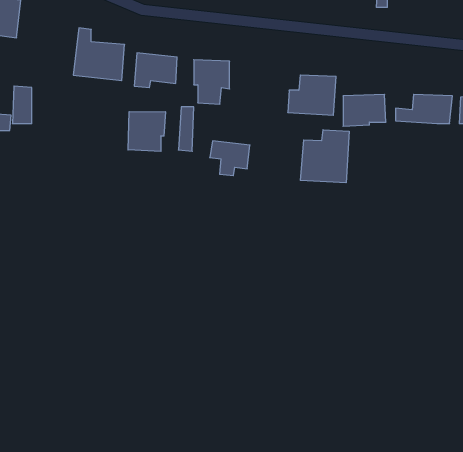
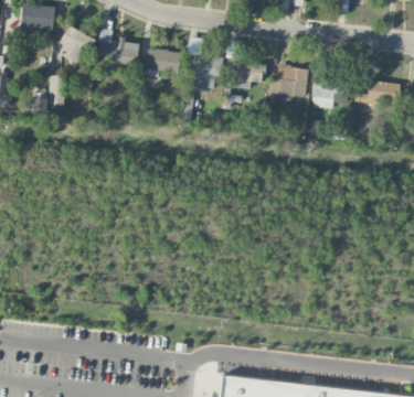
building: none -> [60,25,96,63]
building: [128,112,165,151] -> none
building: [300,130,349,183] -> none
building: [210,141,250,176] -> [233,61,265,88]

